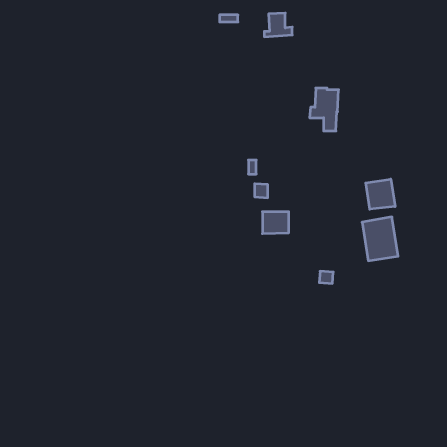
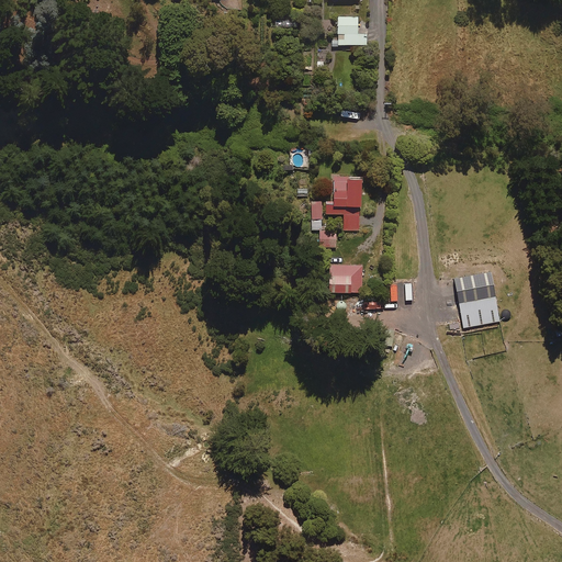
building: [310,88,339,131] -> [326,177,362,231]
building: [366,179,395,209] -> none

